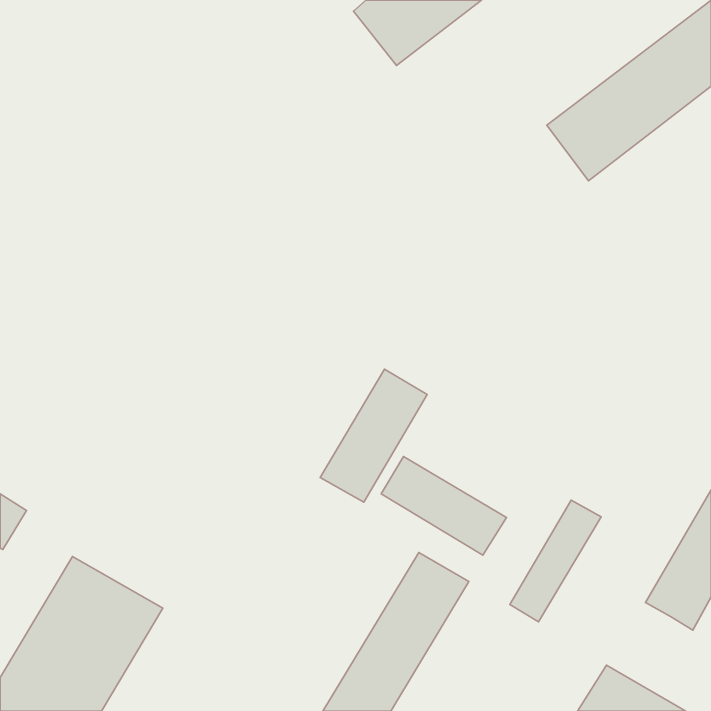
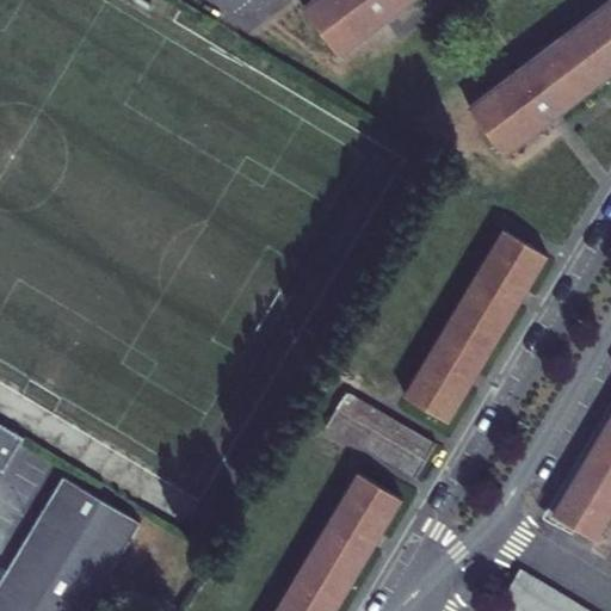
building: none -> [407,230,545,421]
building: [320,369,427,502] -> none
building: [510,500,601,622] -> none

